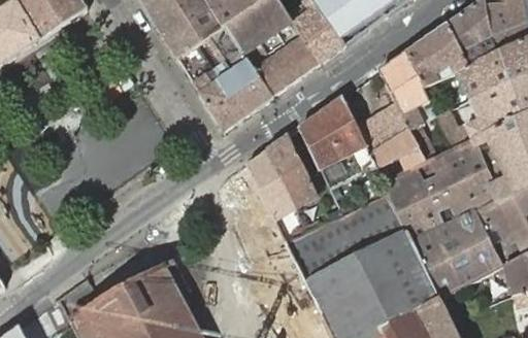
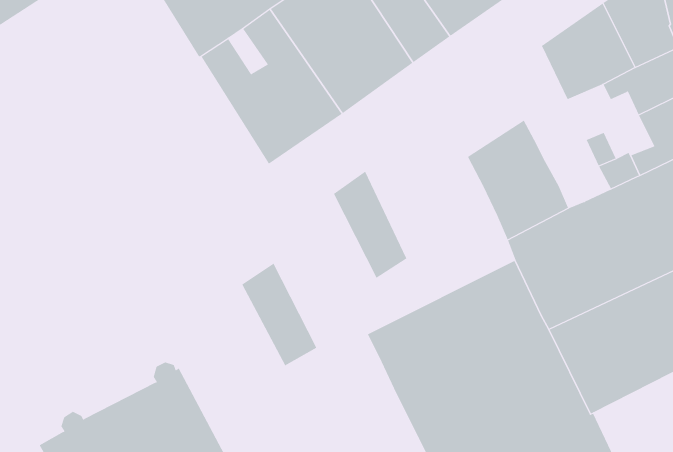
building: [378,50,434,159] -> none
building: [299,96,375,187] -> none
building: [244,149,295,218] -> [242,263,317,366]

